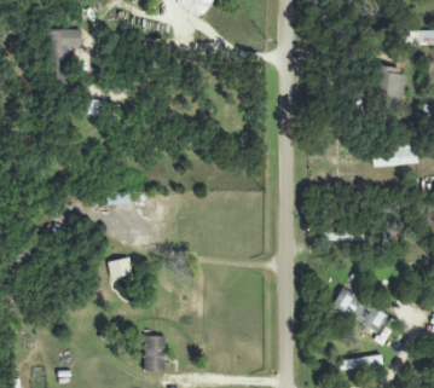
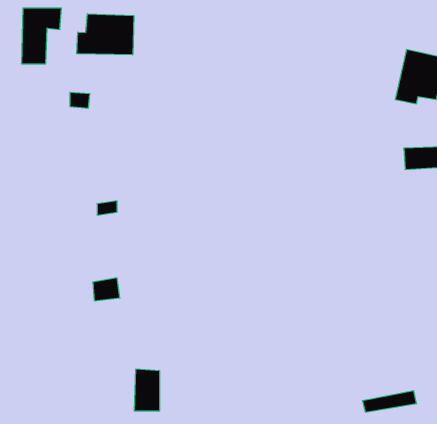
building: none -> [77,14,134,55]
building: [332,286,389,332] -> none

